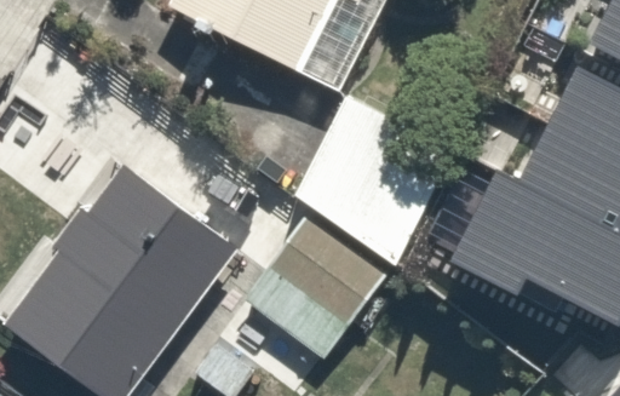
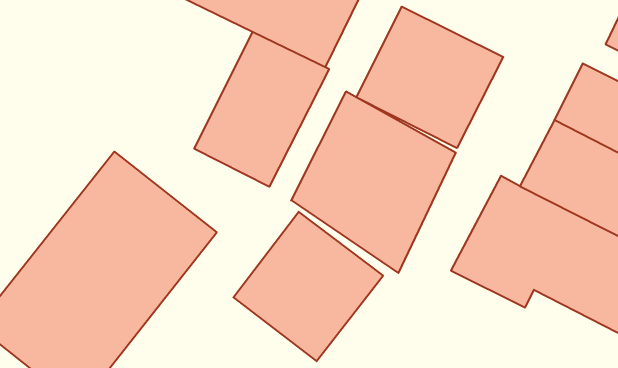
building: none -> [356,7,503,148]
building: none -> [194,32,329,187]

